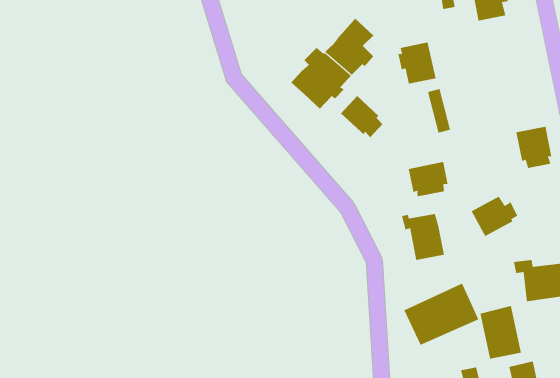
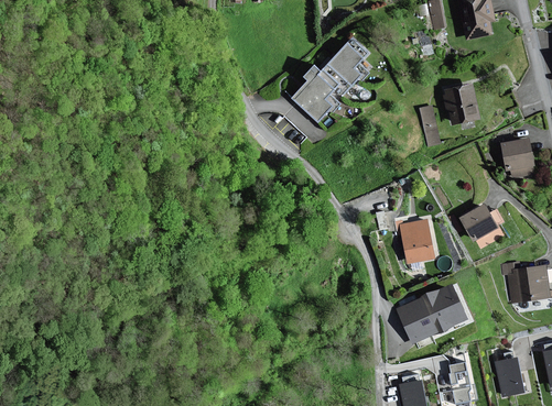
building: [398,42,437,84] -> [443,84,479,123]
building: [340,95,383,138] -> none
building: [408,161,448,197] -> none
building: [480,305,522,360] -> none

